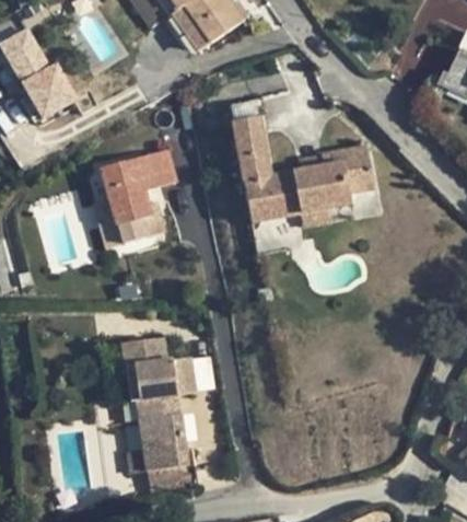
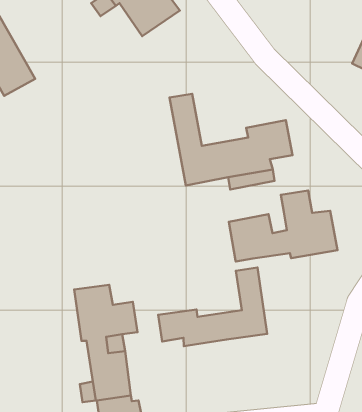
building: [100,148,176,243] -> none
building: none -> [229,190,337,261]
building: none -> [158,267,267,346]

